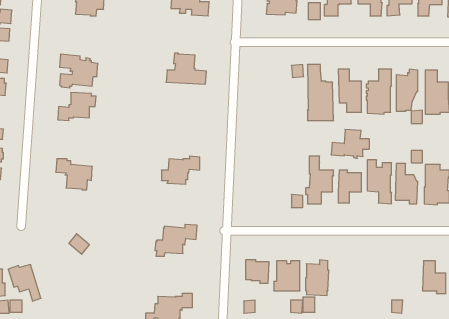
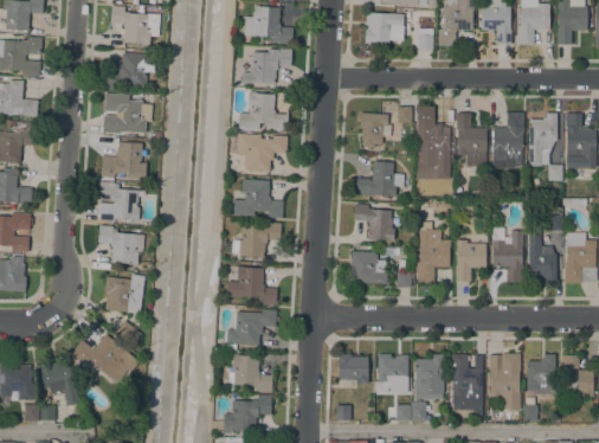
building: none -> [240,49,291,84]
building: none -> [104,53,155,90]
building: none -> [360,113,392,148]
building: none -> [236,134,288,172]
building: none -> [231,180,283,219]
building: none -> [98,181,140,222]
building: [331,129,369,158] -> [355,162,404,199]
building: none -> [354,204,394,242]
building: none -> [349,251,388,284]
building: none -> [226,267,277,306]
building: none -> [104,275,144,314]
building: none -> [71,335,139,381]
building: none -> [228,354,272,393]
building: none -> [489,354,521,410]
building: none -> [527,354,555,394]
building: none -> [452,355,483,418]

